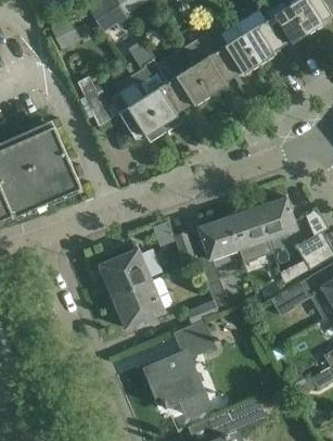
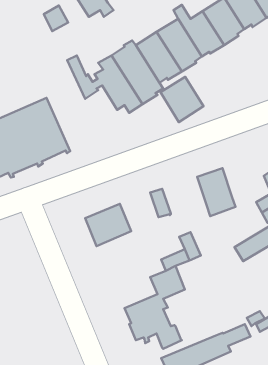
building: none -> [161,77,204,122]
building: [257,198,297,240] -> none
building: [197,217,239,261] -> none
building: [112,280,165,329] -> none

